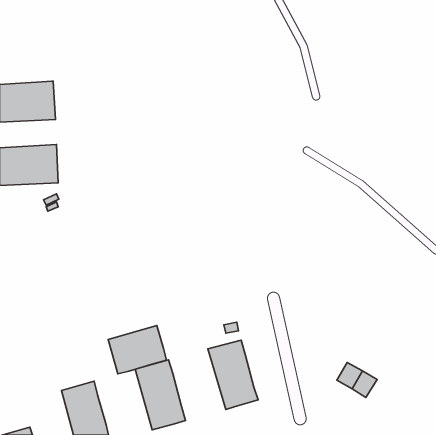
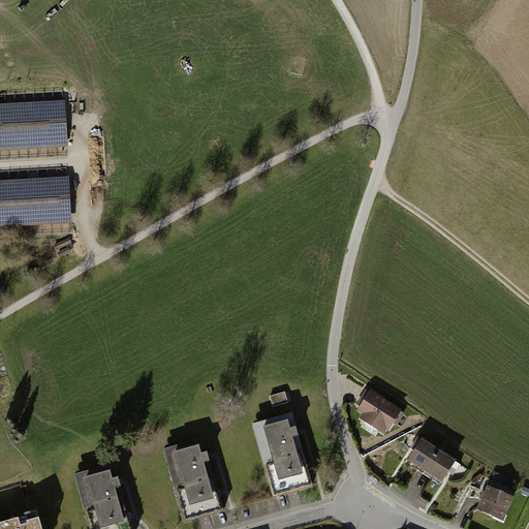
building: none -> [354,390,401,433]
building: [108,326,166,374] -> none
building: none -> [474,486,512,522]

